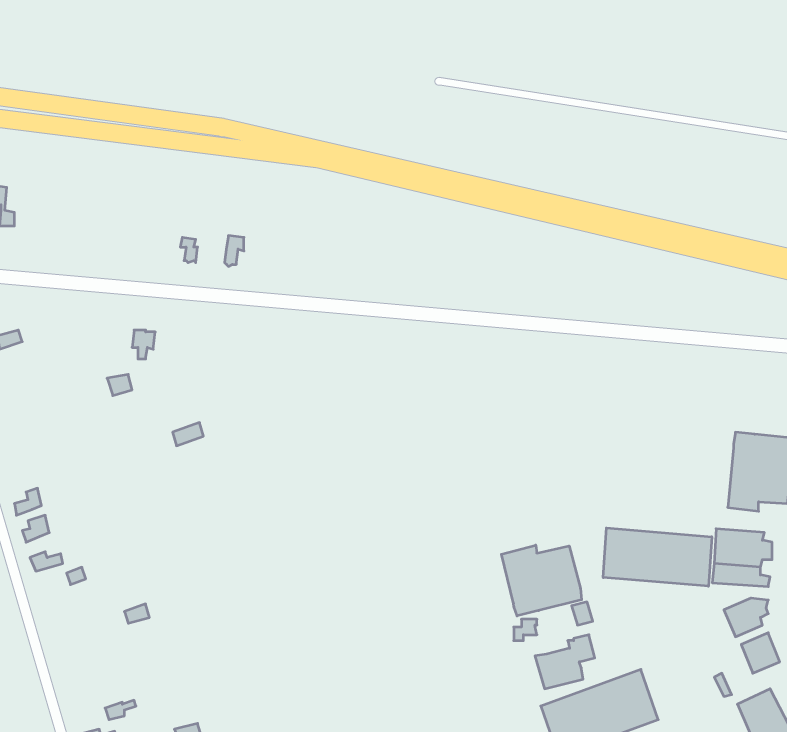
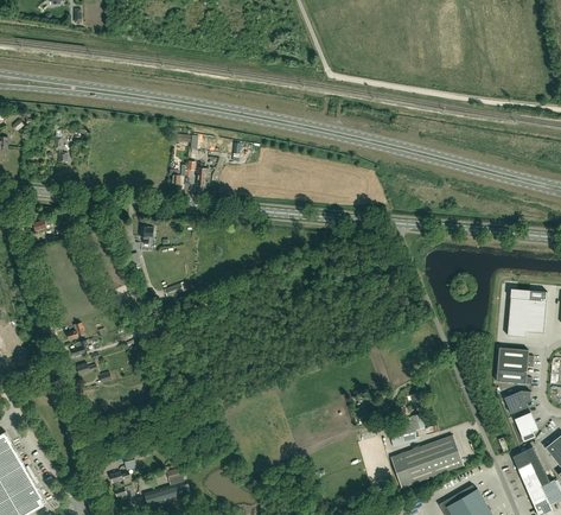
building: [603,528,712,586] -> none
building: [501,545,582,616] -> none

